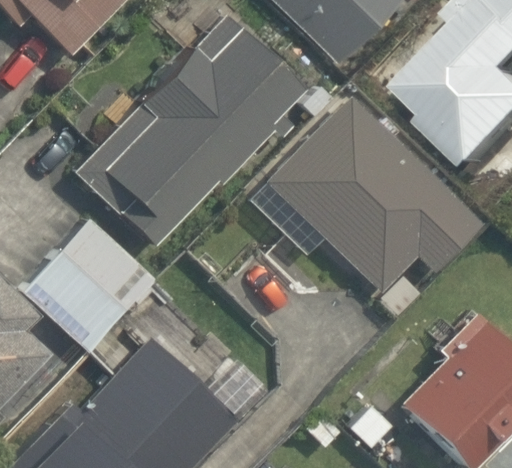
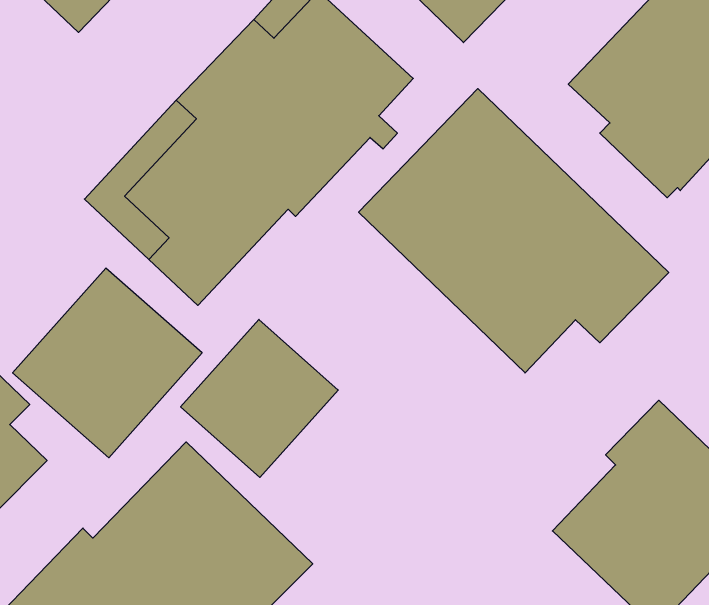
building: none -> [181,319,338,477]

